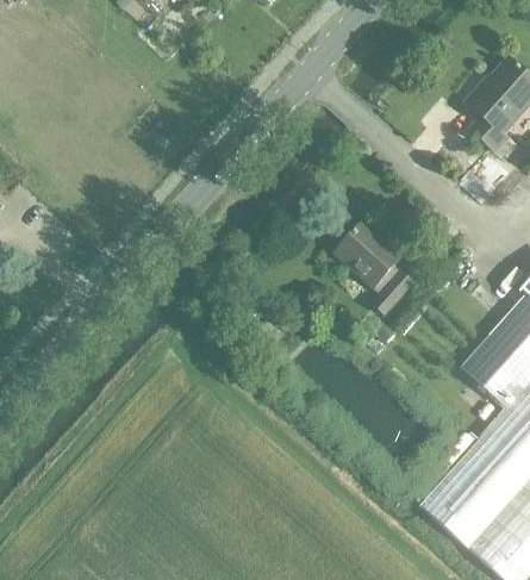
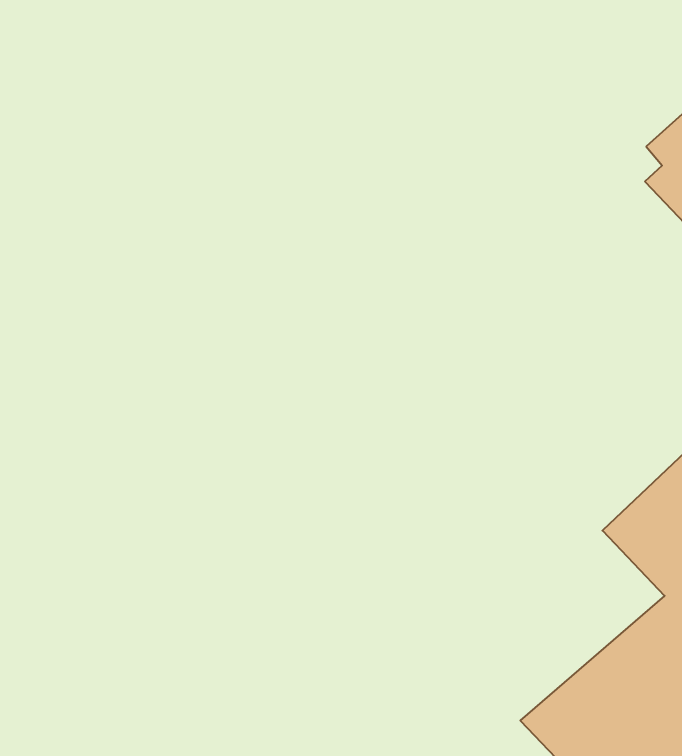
building: [333,219,413,311] -> none

